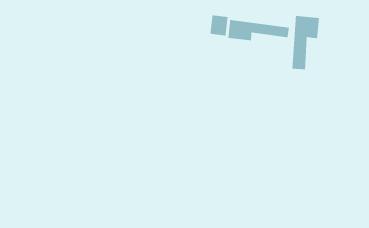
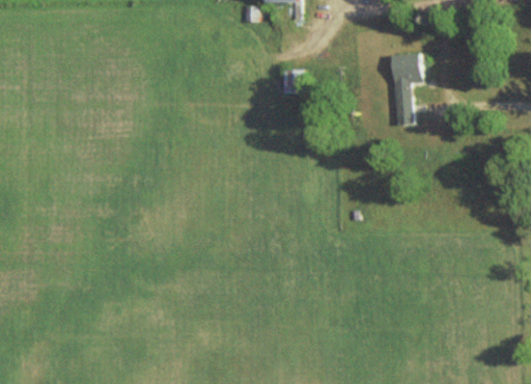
building: [228,19,290,41] -> none

